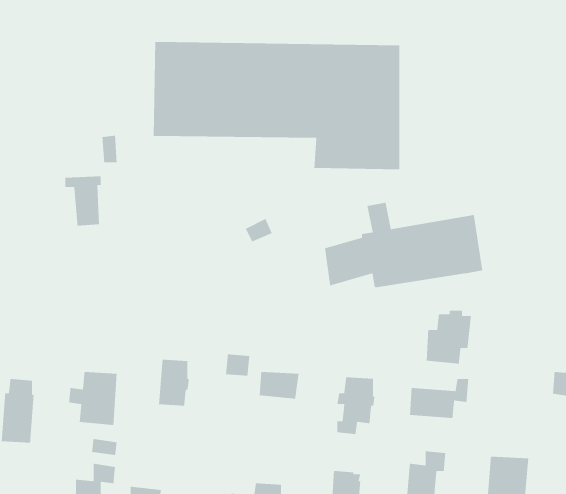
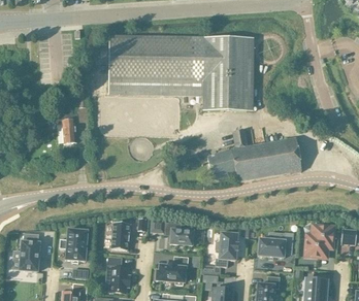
building: [426,310,472,365] -> [306,224,333,256]
building: none -> [105,256,130,293]
building: none -> [156,256,188,285]

